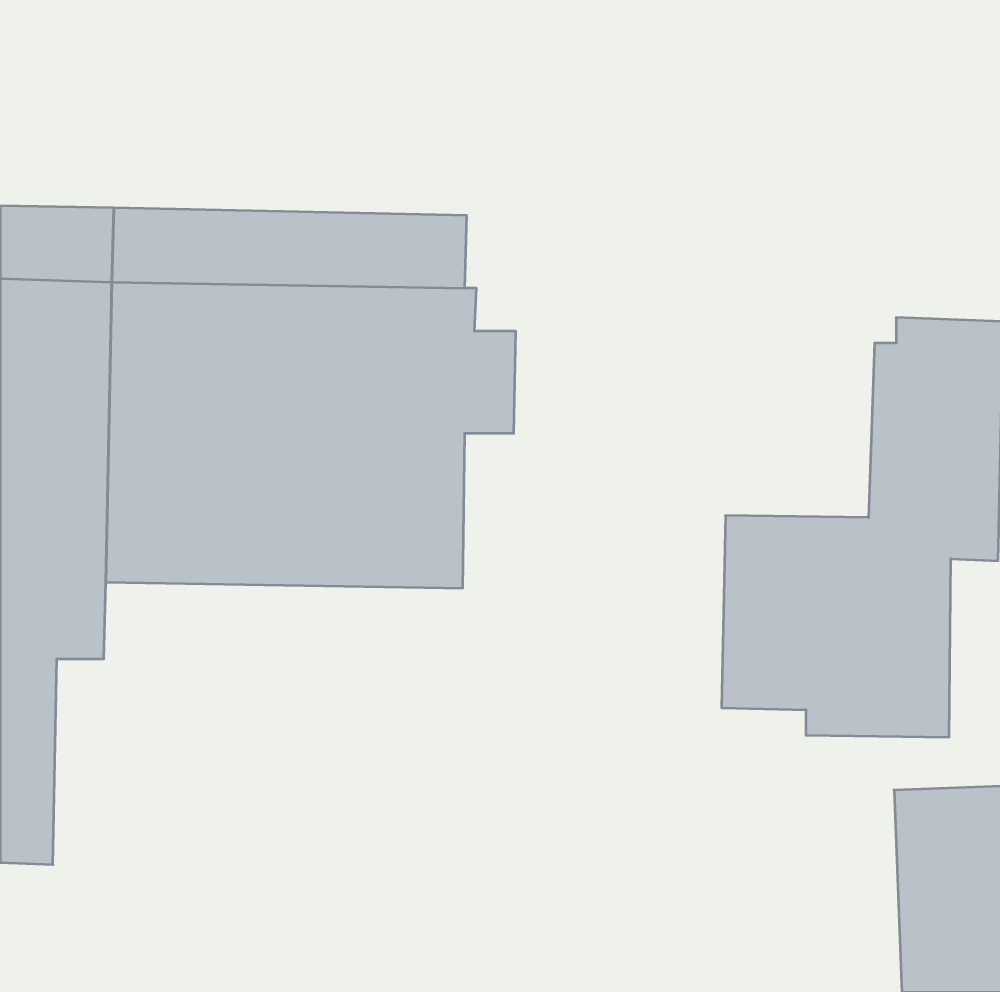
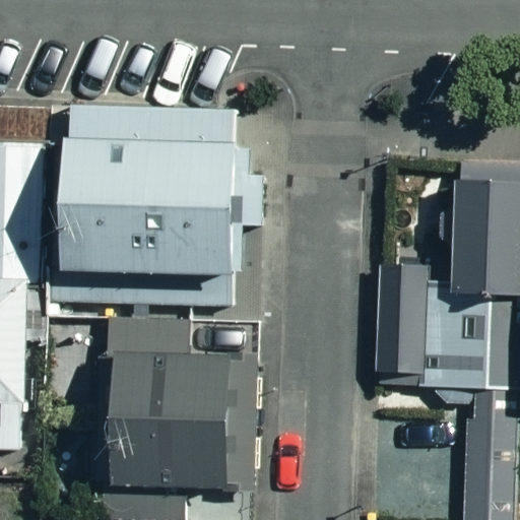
building: none -> [107,352,221,481]

